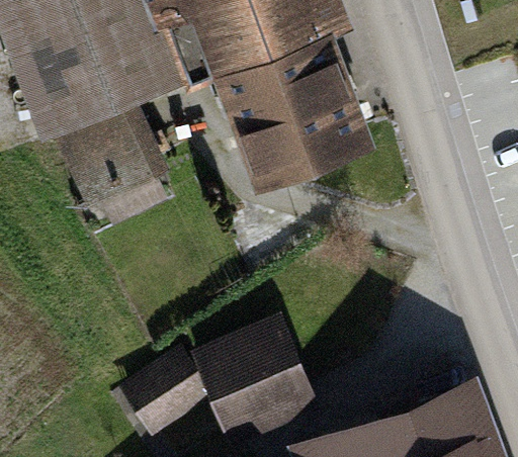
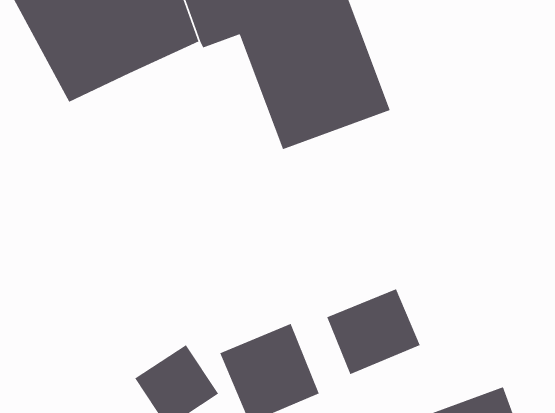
building: [71,102,165,187] -> none
building: none -> [326,288,421,375]

